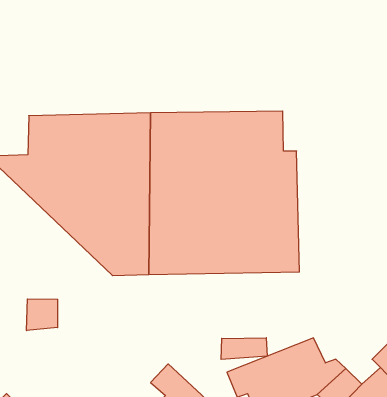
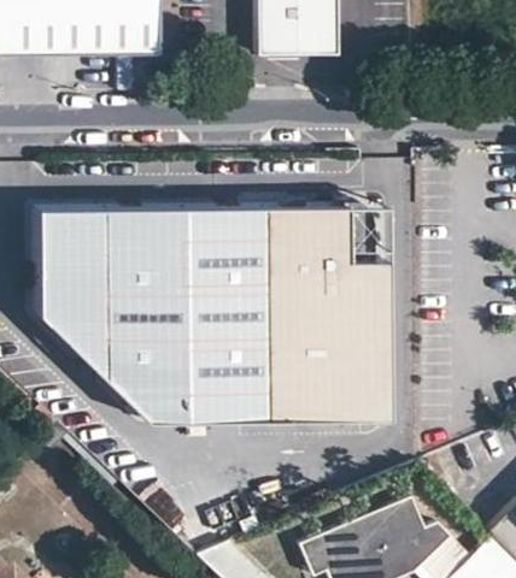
building: [27,299,58,331] -> none
building: [221,338,267,359] -> none

